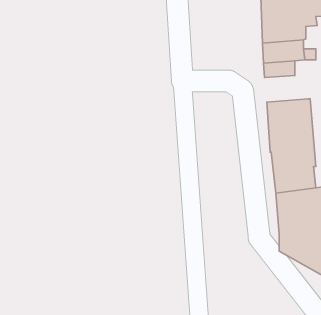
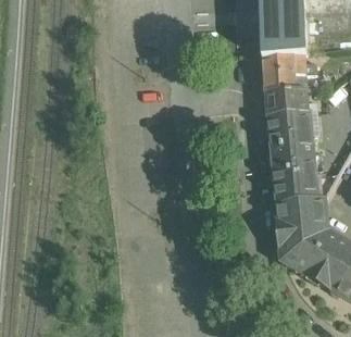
building: none -> [264,87,306,113]

